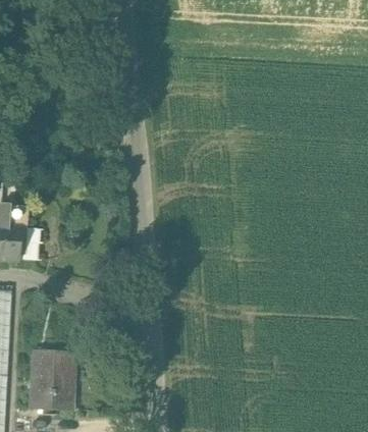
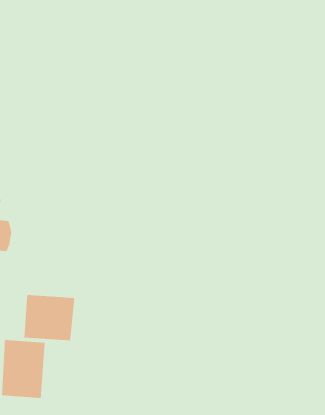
building: none -> [23,294,75,341]

